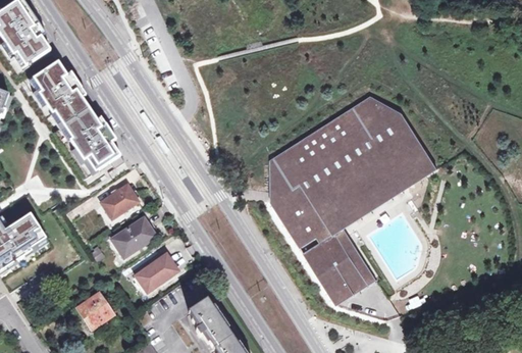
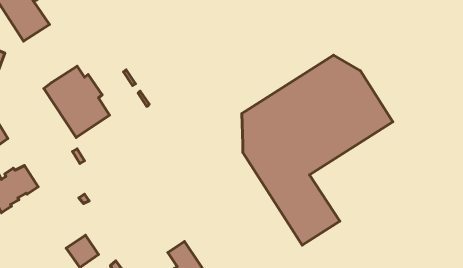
building: [30,61,89,125] -> none
building: [100,184,138,218] -> none
building: [110,216,157,257] -> none
building: [135,254,177,293] -> none

